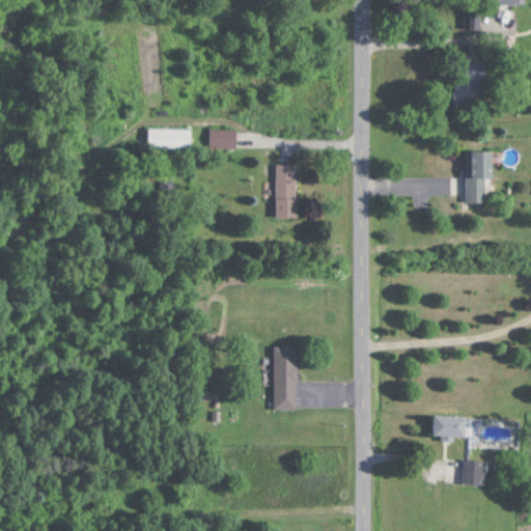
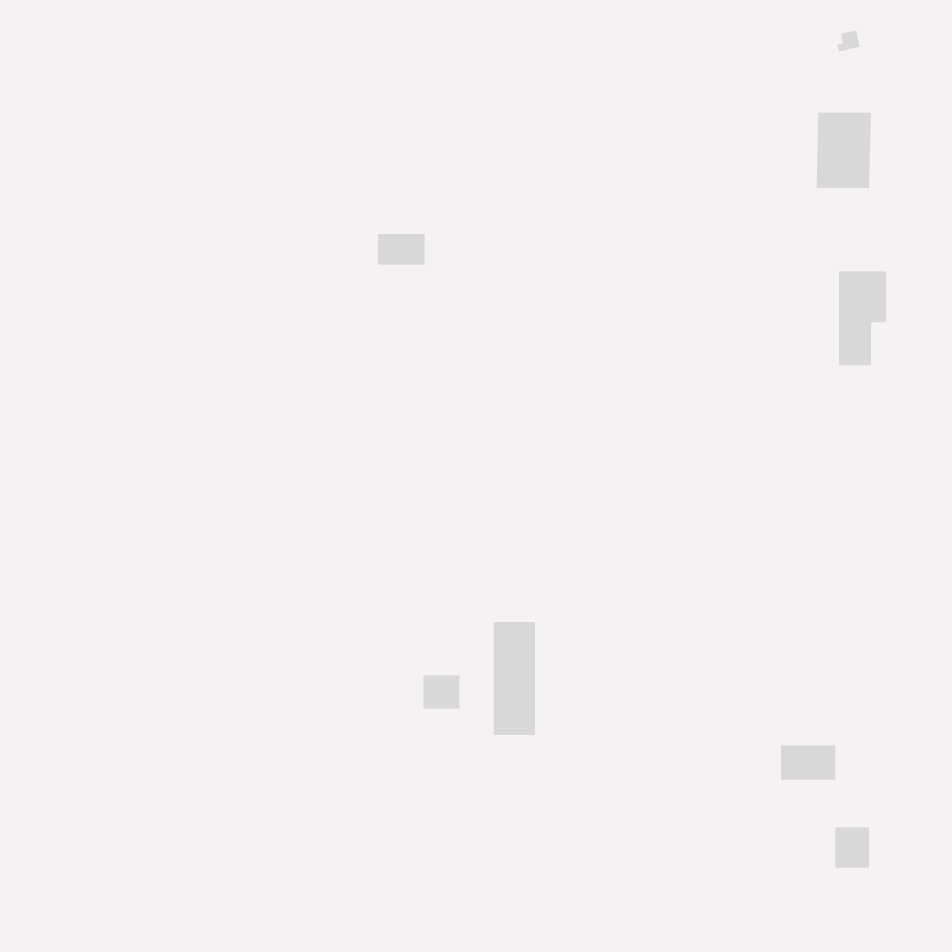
building: [147,130,191,149] -> none
building: [276,165,298,219] -> none
building: none -> [423,674,460,710]

